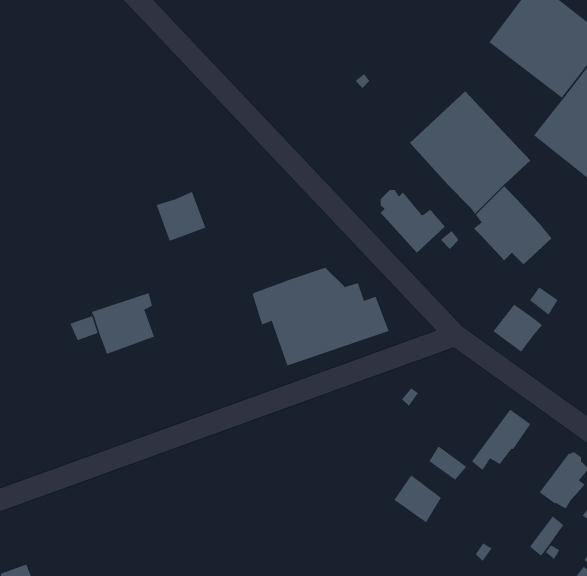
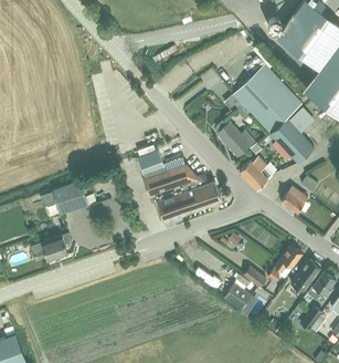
building: [156,191,206,242] -> [137,151,166,179]
building: none -> [239,157,272,190]
building: none -> [32,234,72,261]
building: none -> [290,259,321,293]

